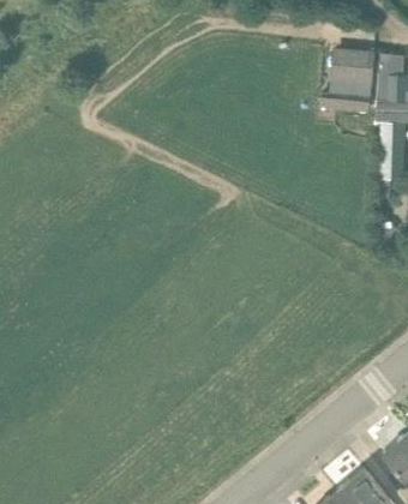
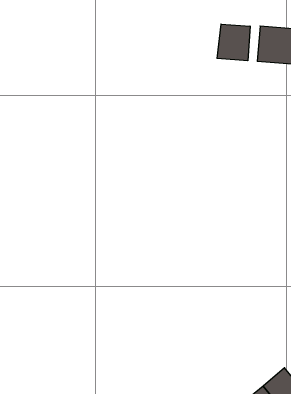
building: none -> [217,24,250,61]

